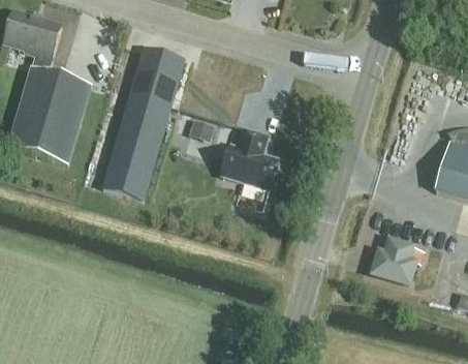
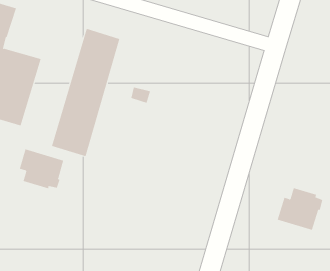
building: [222,130,278,192] -> none
building: none -> [19,149,64,189]

